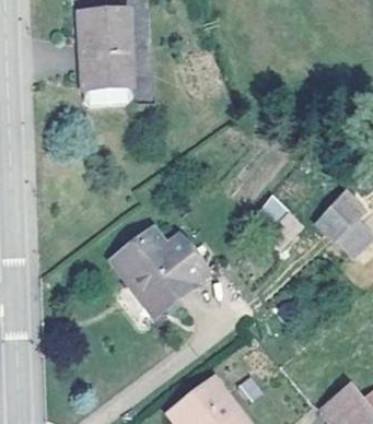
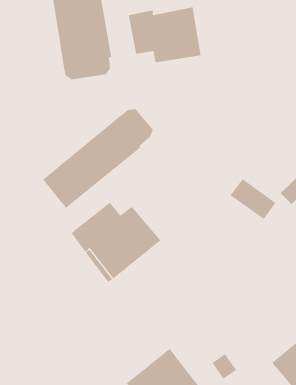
building: none -> [128,7,201,63]
building: none -> [42,109,154,209]

